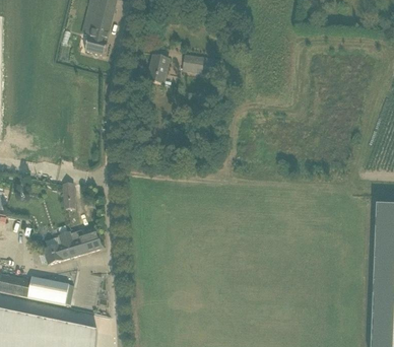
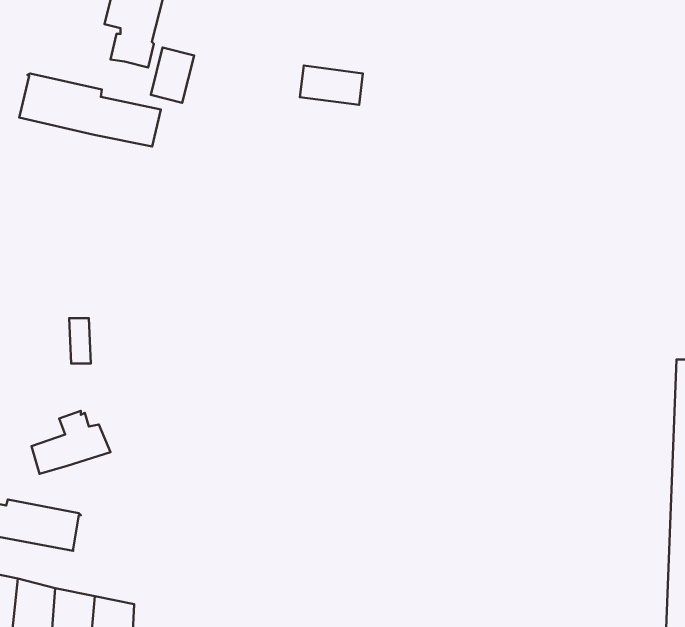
building: [146,53,169,81] -> [151,47,194,103]
building: none -> [19,74,161,147]
building: [71,227,101,251] -> none

